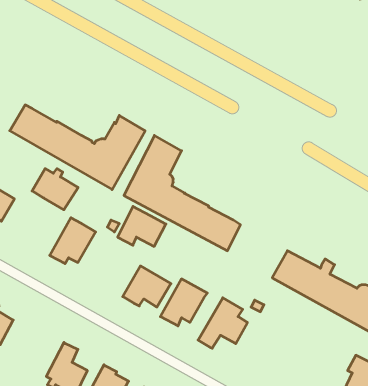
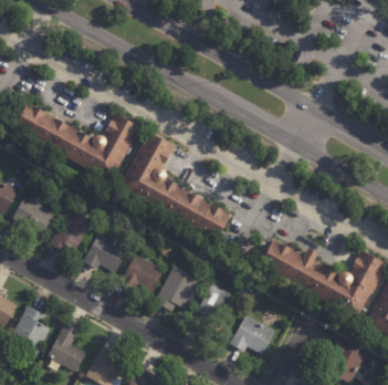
building: [32,169,78,210] -> [12,196,55,235]
building: [118,206,166,246] -> [82,232,127,270]
building: none -> [13,305,50,356]
building: none -> [229,316,274,355]

